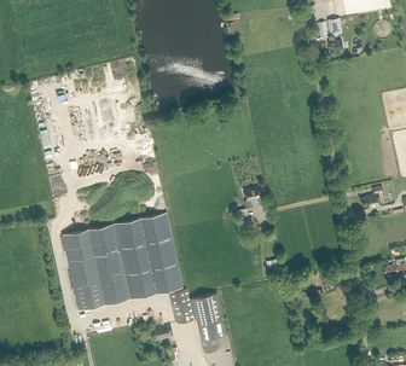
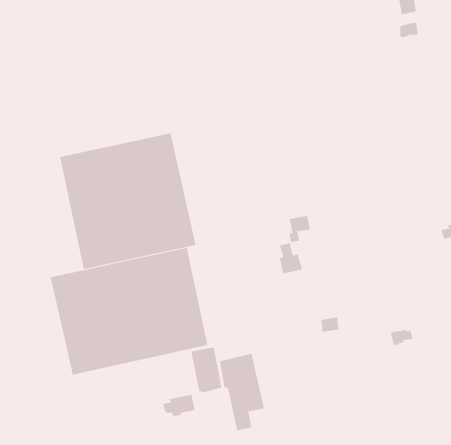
building: none -> [59,132,196,270]

